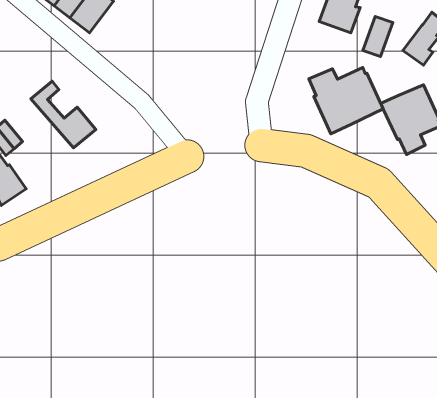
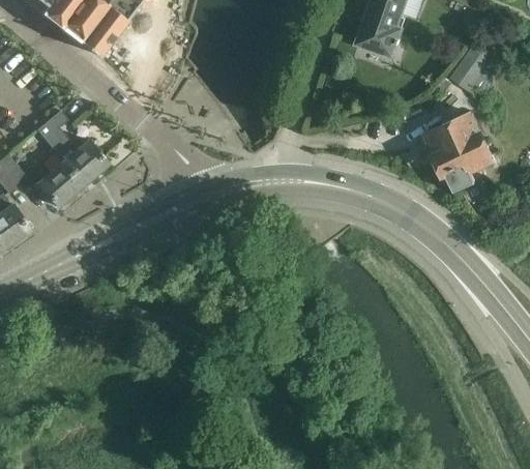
building: [363,17,393,57] -> none
building: [309,68,383,134] -> none
building: none -> [36,160,83,206]

